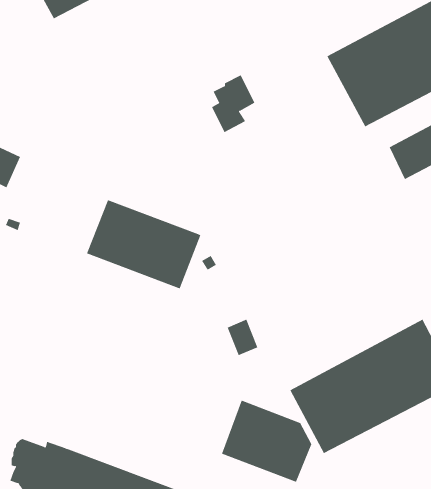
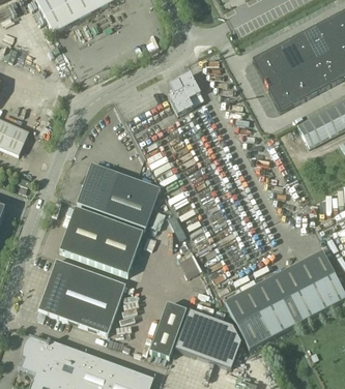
building: none -> [59,208,143,276]
building: none -> [38,260,125,335]
building: none -> [150,303,185,358]

